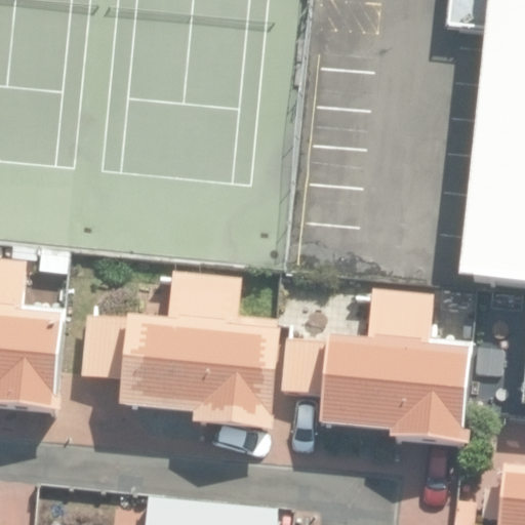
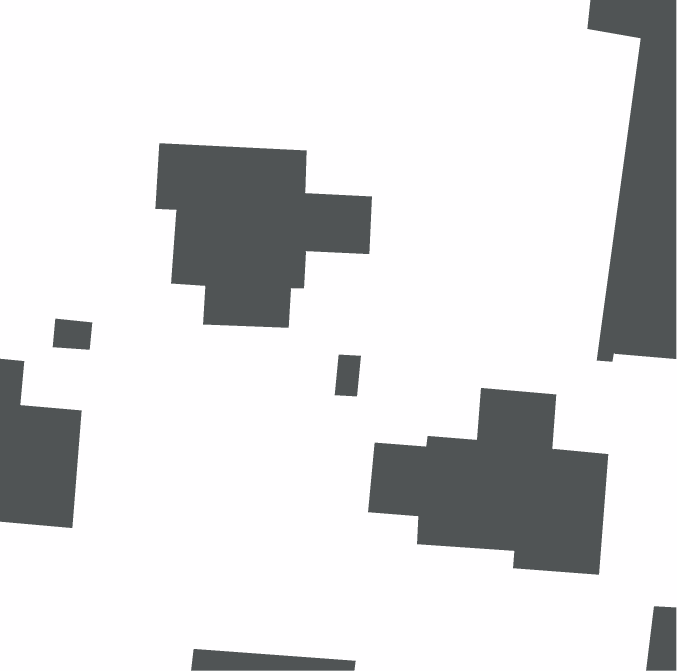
building: none -> [155,142,373,329]
building: [88,283,276,423] -> none

